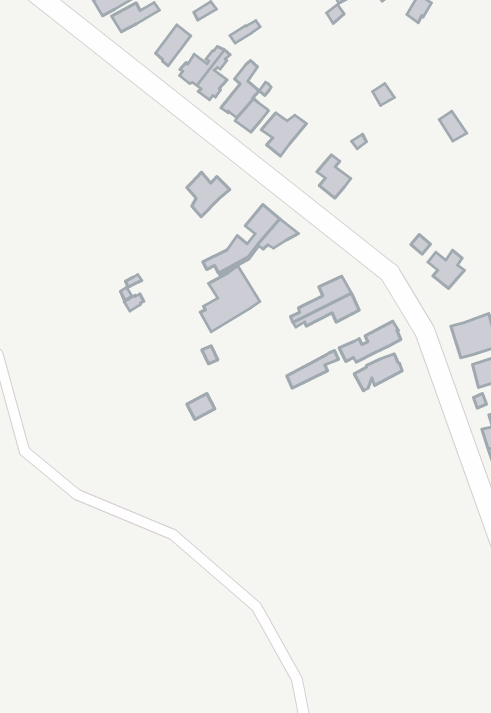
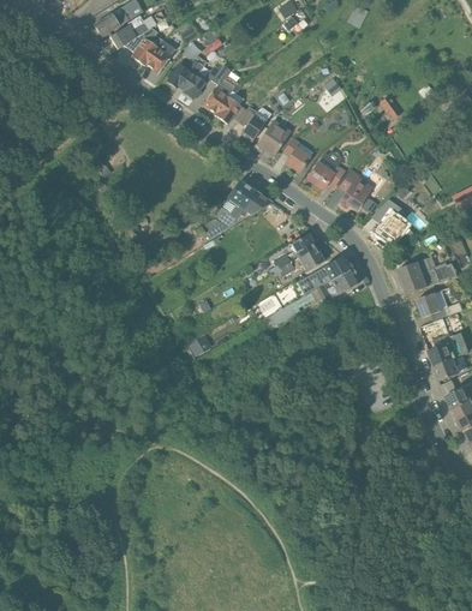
building: none -> [130,28,162,65]
building: none -> [257,119,288,155]
building: [187,172,230,217] -> none
building: none -> [307,152,345,188]
building: none -> [339,169,370,209]
building: [200,266,260,332] -> none
building: [354,354,402,391] -> [312,254,351,286]

